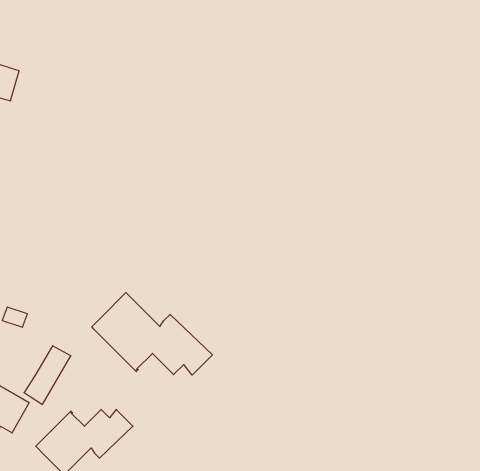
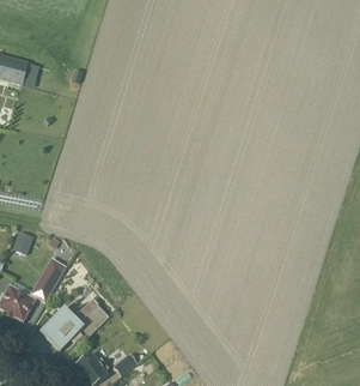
building: [92,293,212,375] -> none

